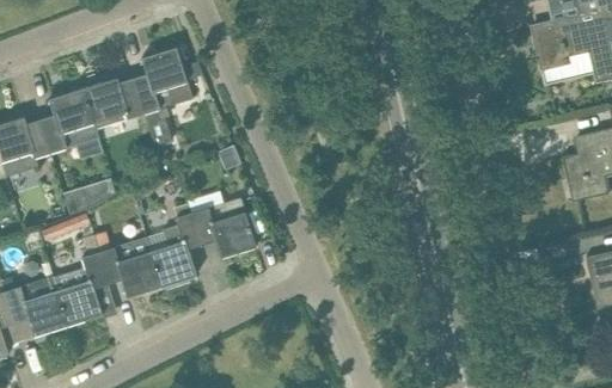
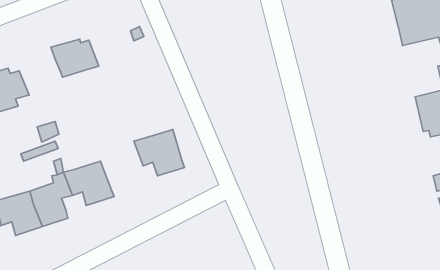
building: [130,47,194,113] -> none
building: [38,88,98,152] -> none
building: [151,213,202,285] -> none

